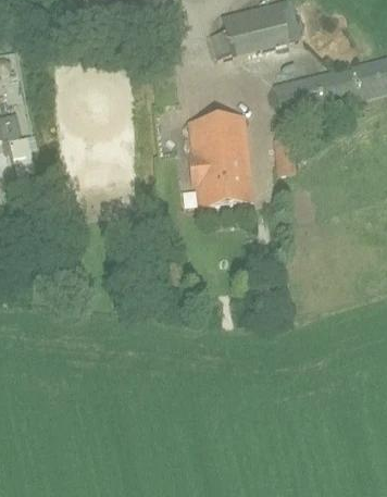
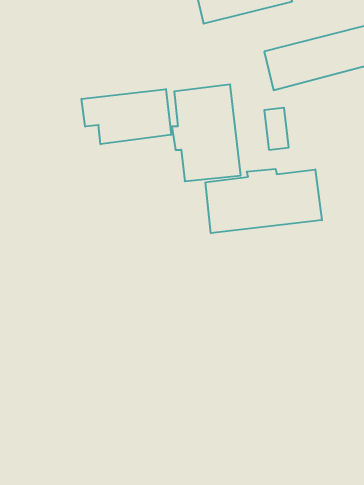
building: none -> [82,89,171,144]
building: none -> [206,169,322,233]

